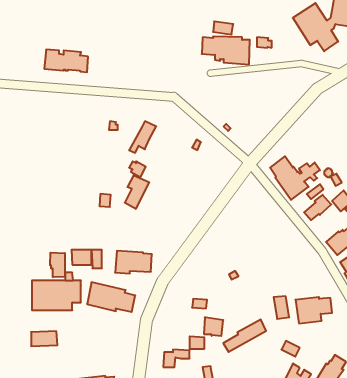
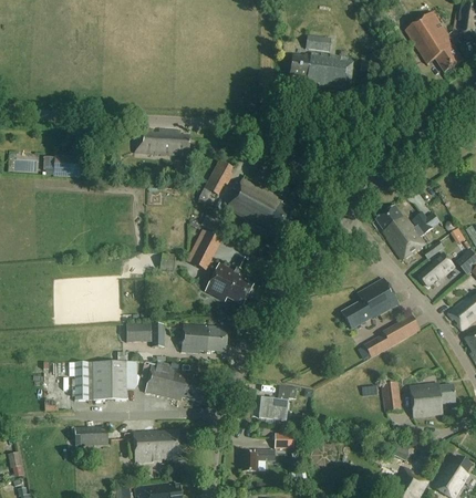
building: [44,50,88,72] -> [134,127,189,156]
building: none -> [43,155,79,174]
building: none -> [226,178,293,230]
building: none -> [205,257,252,304]
building: none -> [341,278,397,329]
building: [50,253,65,277] -> none
building: [204,317,223,336] -> [259,396,283,419]
building: [223,320,266,352] -> [364,315,418,356]
building: none -> [133,429,180,461]

